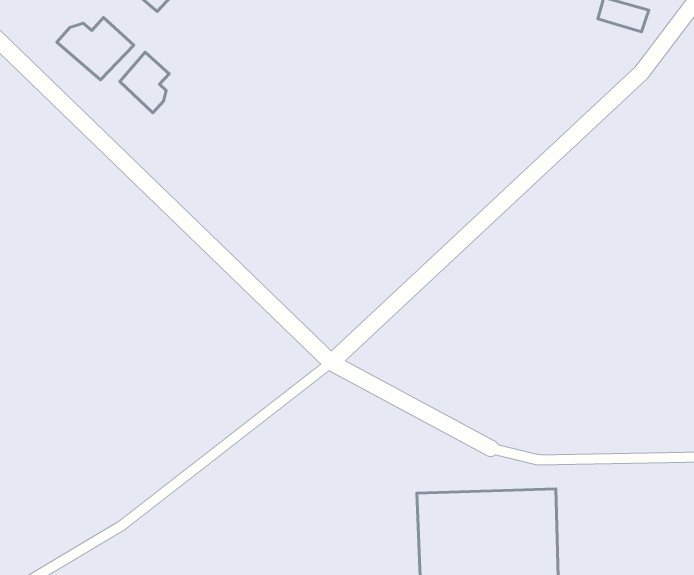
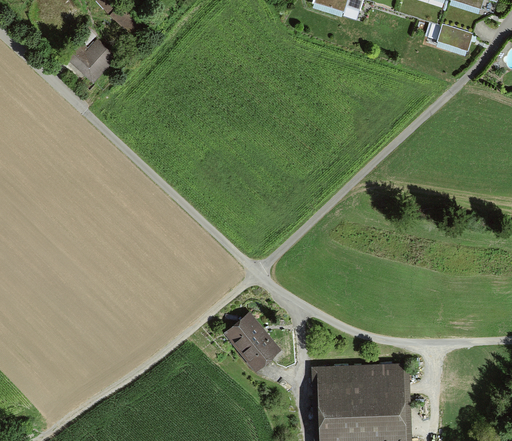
building: [120,52,169,113] -> none
building: none -> [225,313,279,370]

